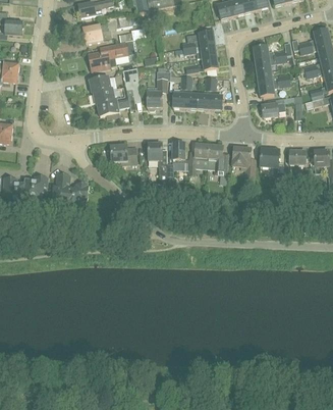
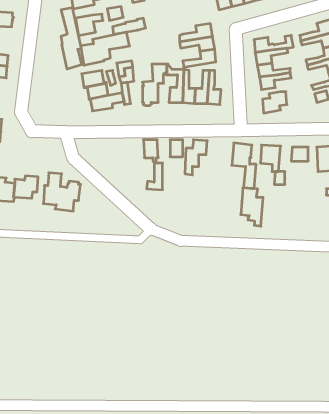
building: none -> [61,7,82,69]
building: [207,143,228,180] -> [241,188,263,226]
building: [110,144,136,163] -> none

